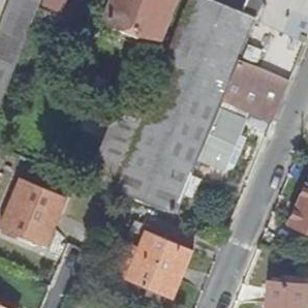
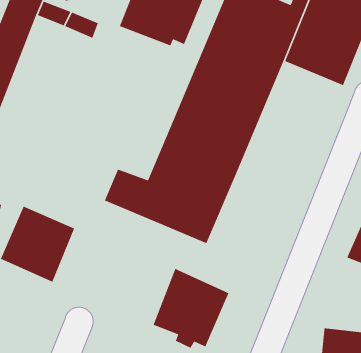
building: [197,59,287,166] -> none

